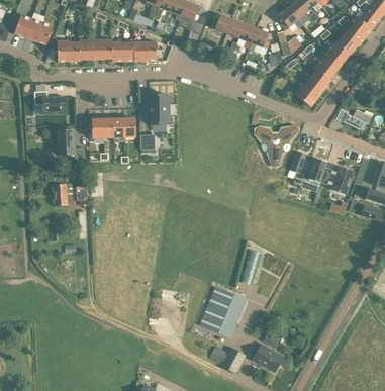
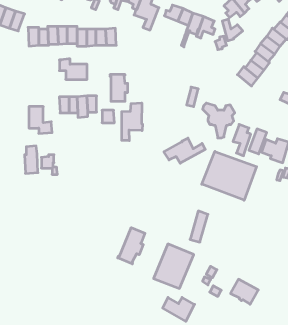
building: [34,90,66,113] -> [59,59,87,79]
building: none -> [122,103,142,141]
building: none -> [164,138,205,163]
building: none -> [202,151,257,200]
building: none -> [118,228,145,264]
building: [252,343,283,371] -> [231,279,258,304]

